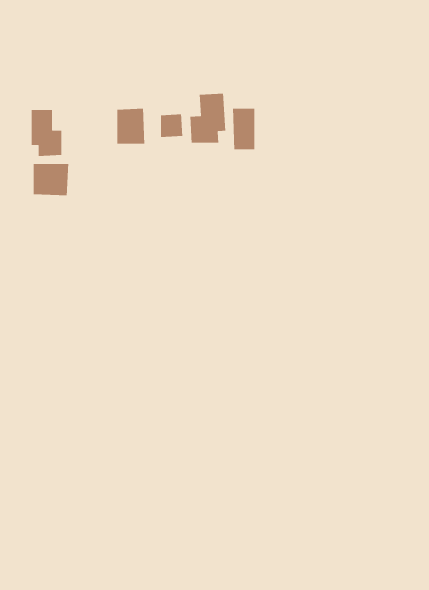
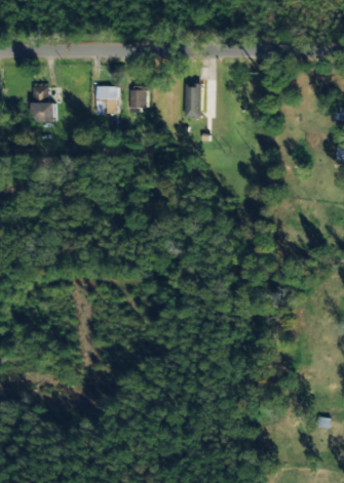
building: [189,93,226,143] -> none
building: [33,163,69,196] -> none

